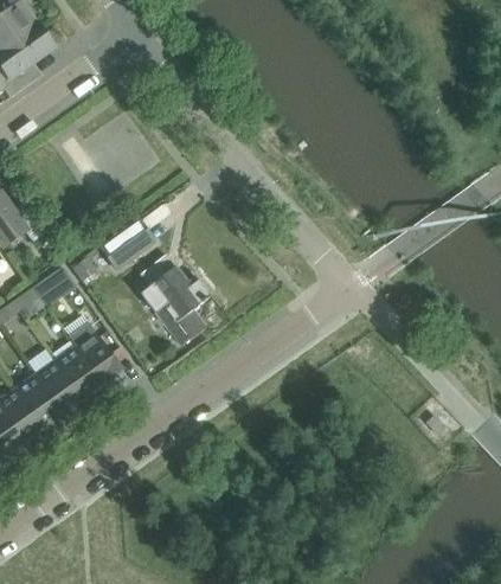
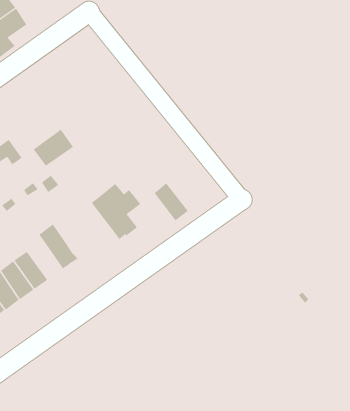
building: [98,217,155,269] -> [33,129,74,166]
building: none -> [154,183,189,221]
building: [53,346,102,399] -> none

